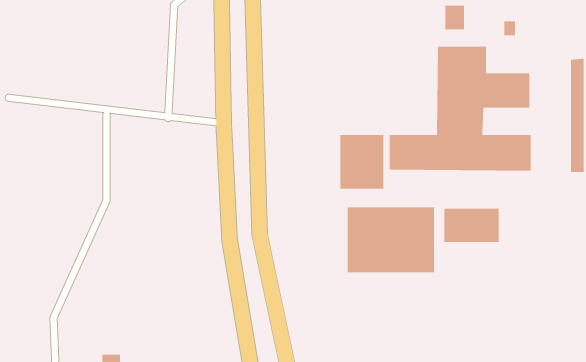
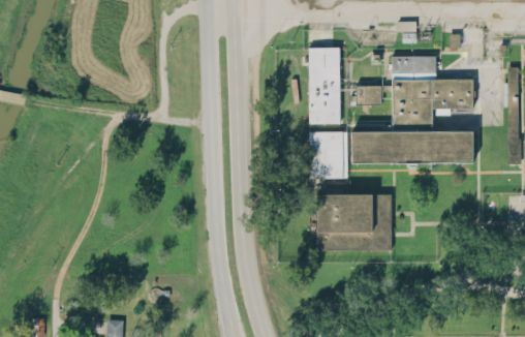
building: none -> [308,48,340,125]
building: none -> [356,85,382,104]
building: [443,208,499,243] -> none

